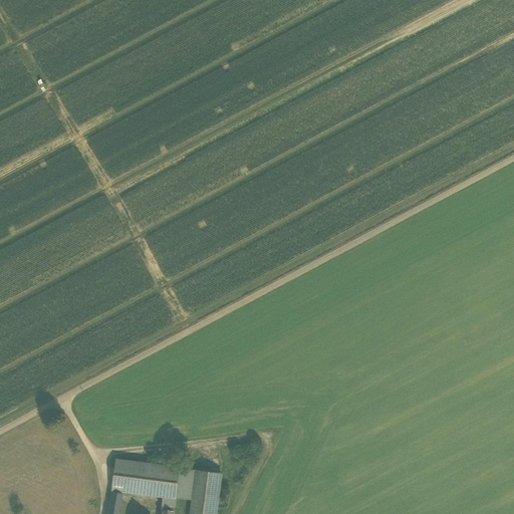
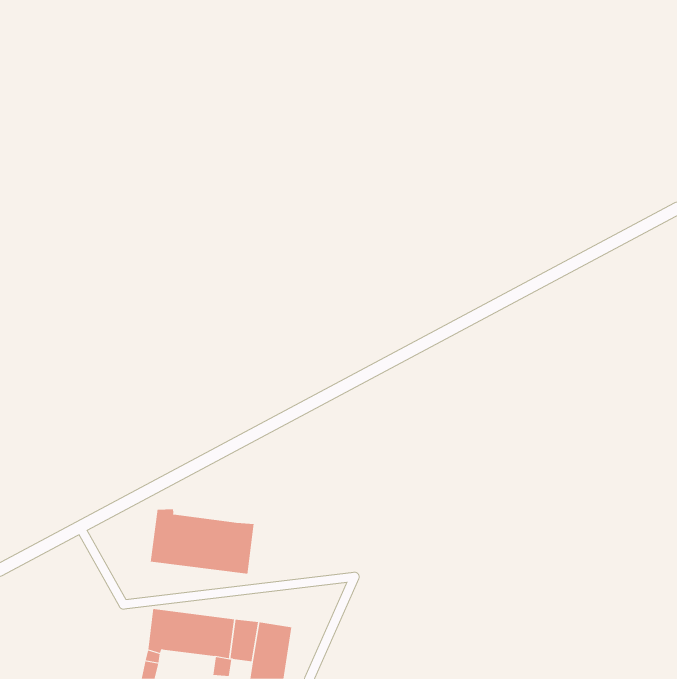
building: none -> [150,508,254,575]

